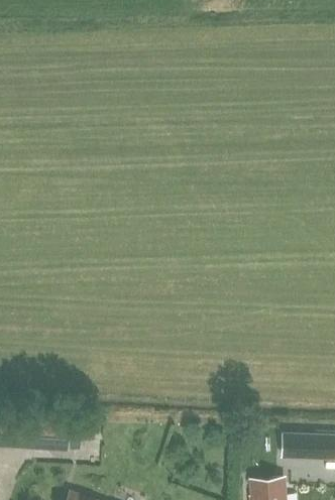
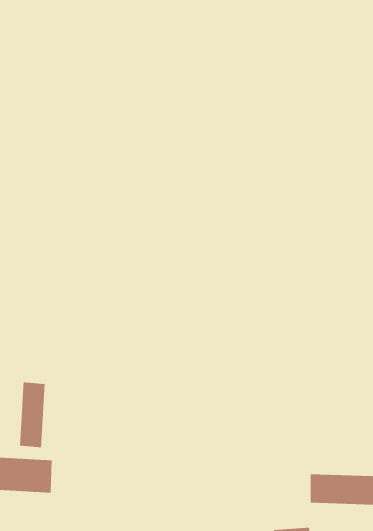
building: none -> [19,381,45,448]

